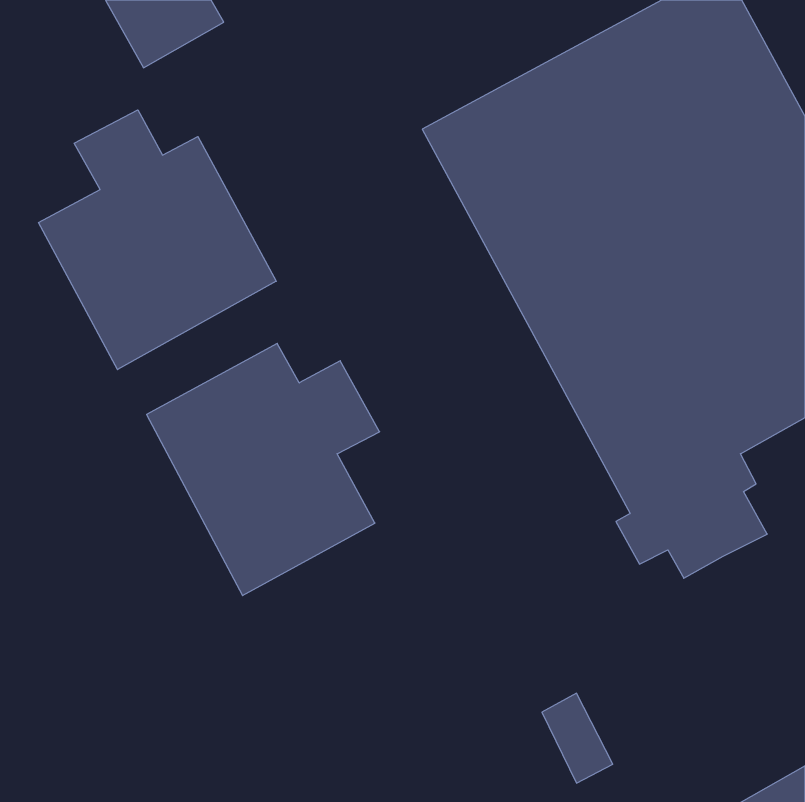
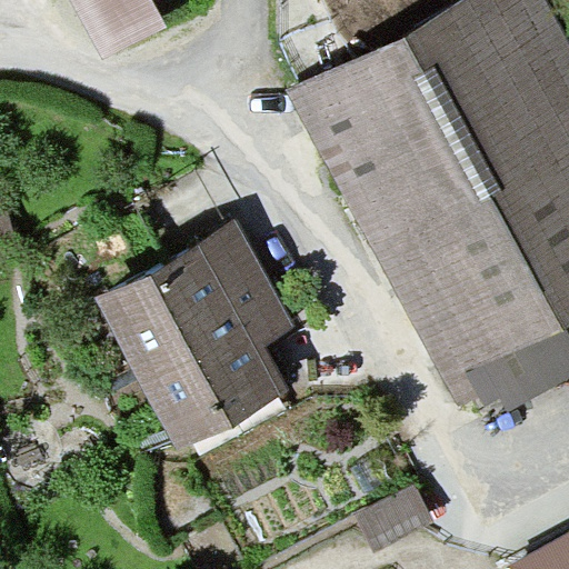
building: [39,110,276,370] -> none

